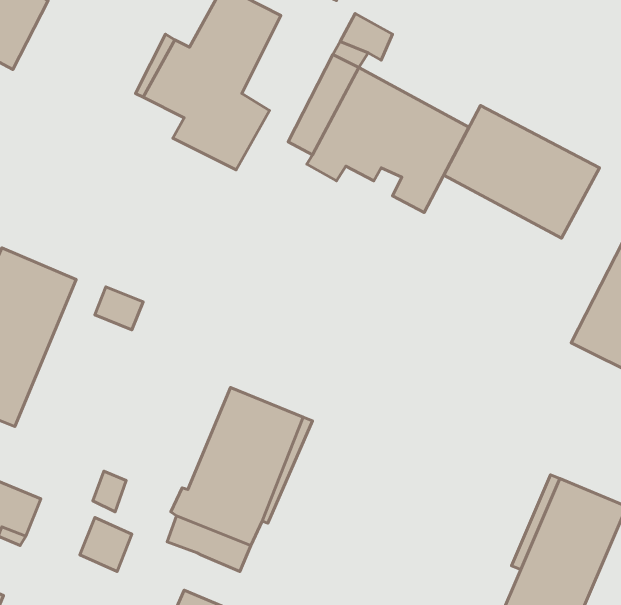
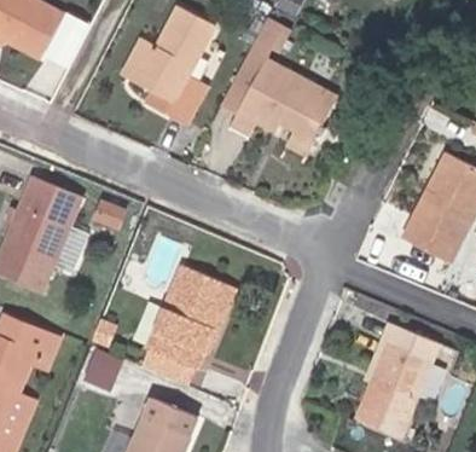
building: [444,106,599,238] -> none

